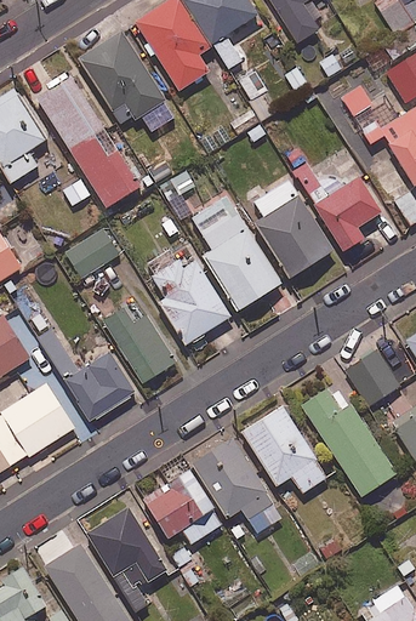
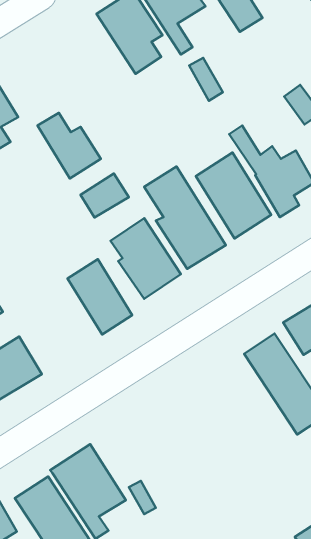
building: [80,32,166,126] -> none
building: [35,74,103,148] -> none
building: [65,228,120,278] -> [80,173,129,218]
building: [39,327,136,421] -> none
building: [243,405,326,492] -> none
building: [189,432,283,532] -> none
building: [143,471,224,543] -> none

